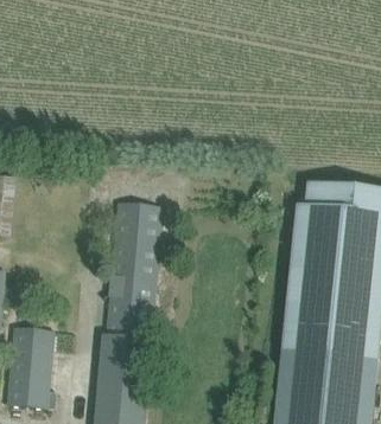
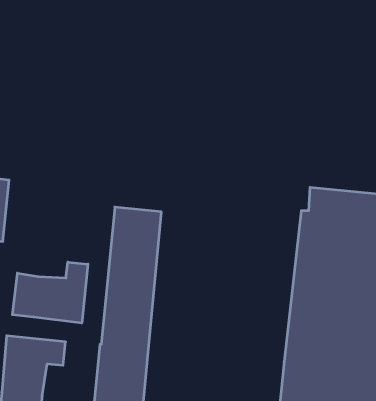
building: none -> [12,262,88,323]

